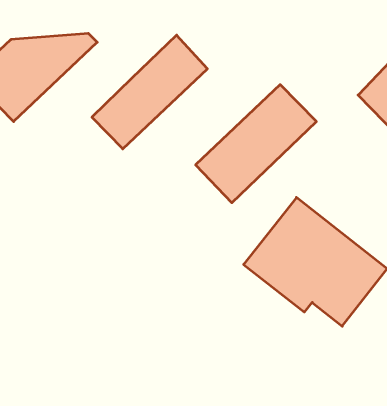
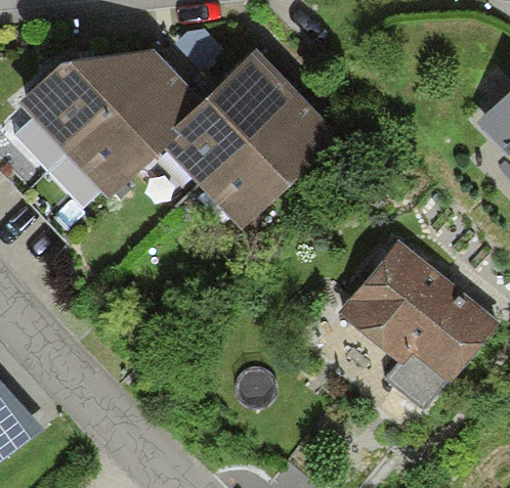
building: none -> [69,61,206,195]
building: [196,85,316,203] -> [196,92,336,229]

